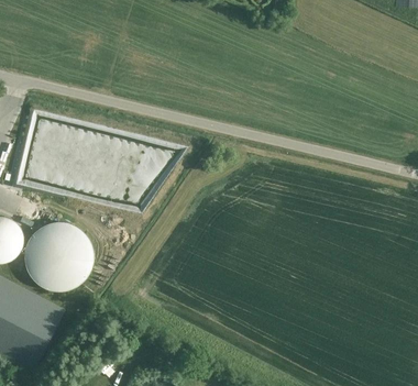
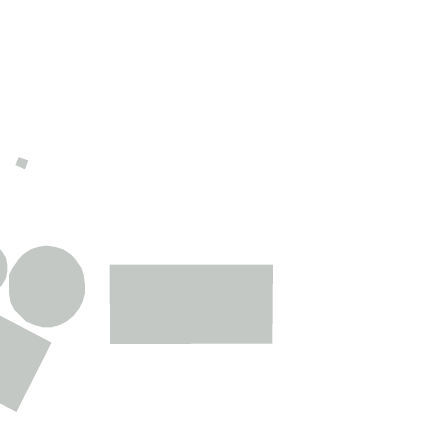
building: none -> [109,264,273,345]

